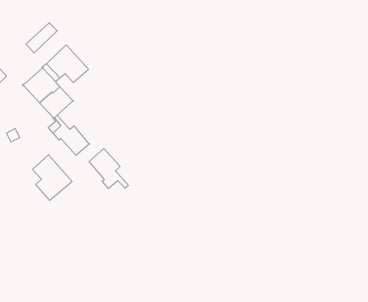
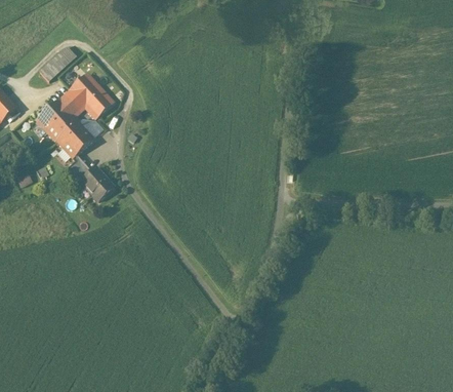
building: [89,149,128,189] -> none
building: [33,155,72,200] -> none

